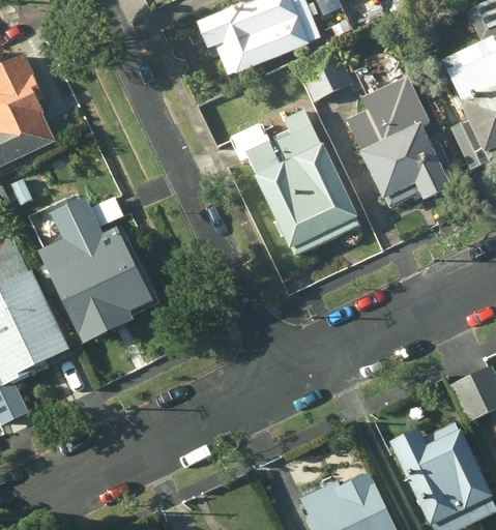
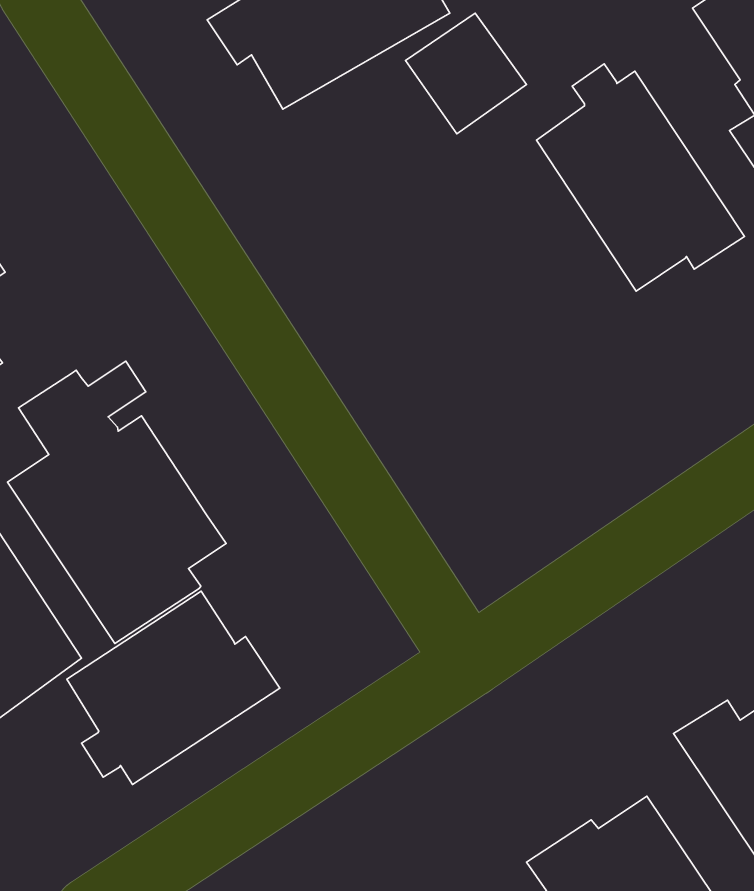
building: [242,104,361,253] -> none
building: none -> [67,591,280,784]

